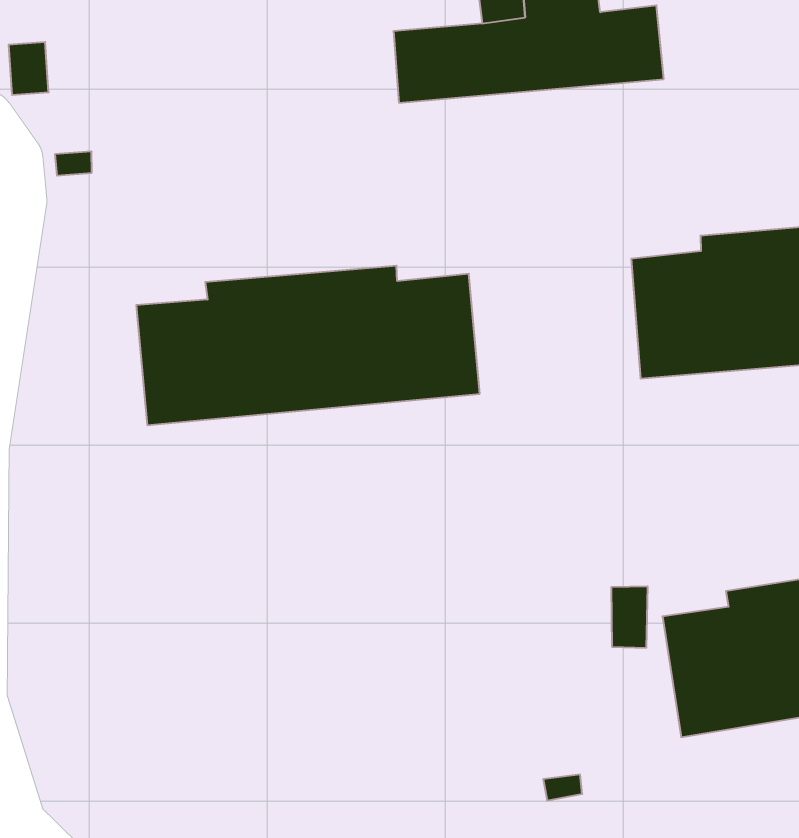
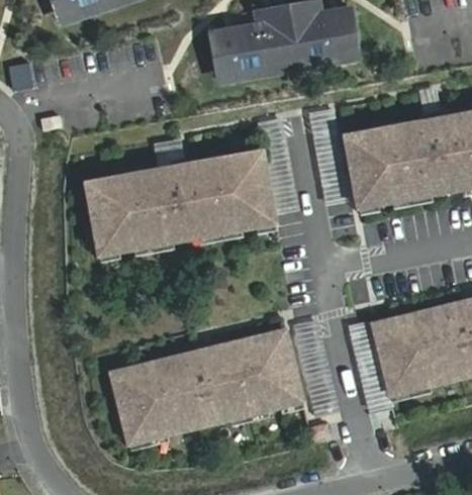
building: none -> [113,339,300,442]

